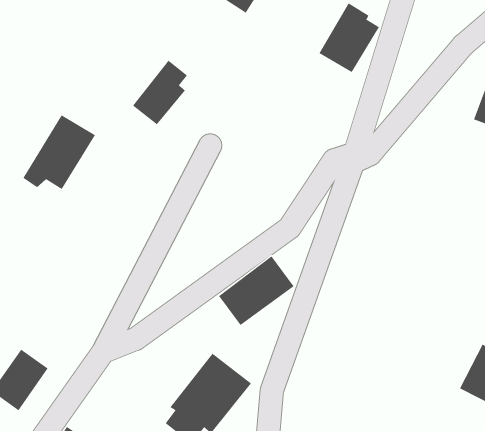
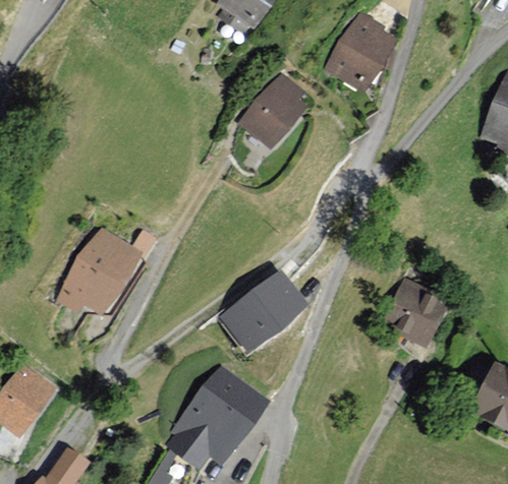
building: [132,60,188,125] -> [245,75,302,142]
building: [22,114,96,190] -> [61,233,136,310]
building: none -> [386,281,446,343]

